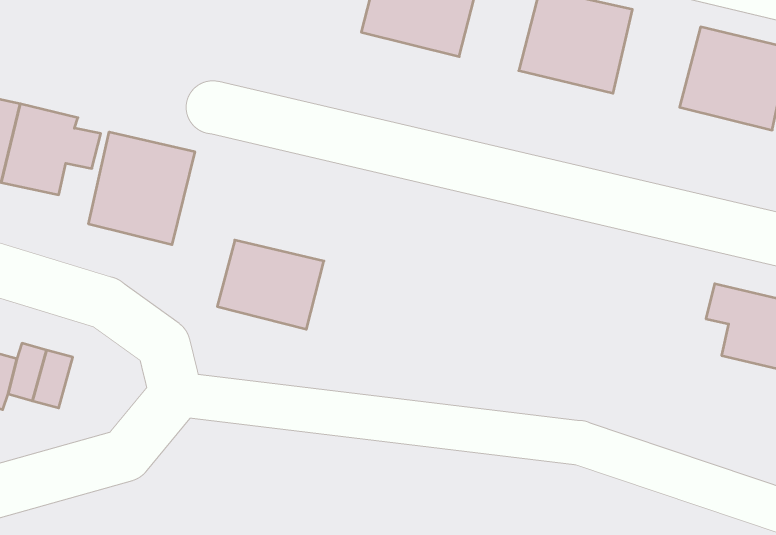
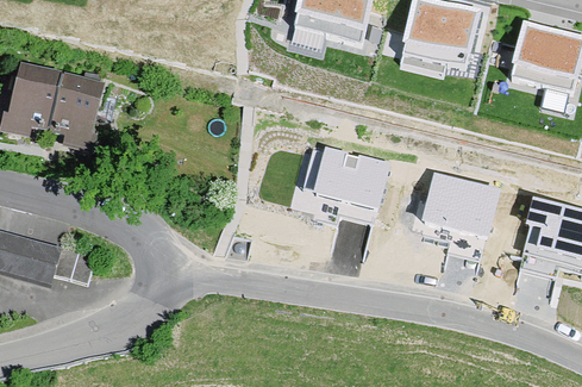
building: [89,132,195,245] -> none
building: [217,240,324,329] -> [314,149,387,210]
building: none -> [424,175,496,236]

